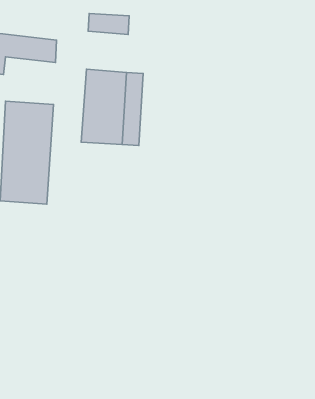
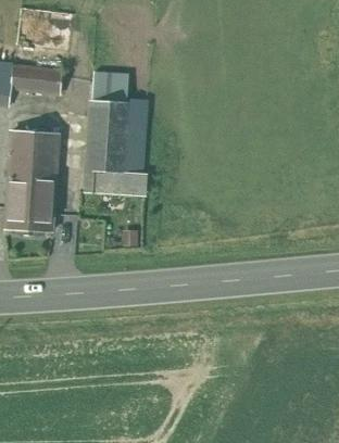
building: [88,14,129,35] -> [90,81,130,102]
building: none -> [84,170,147,194]

